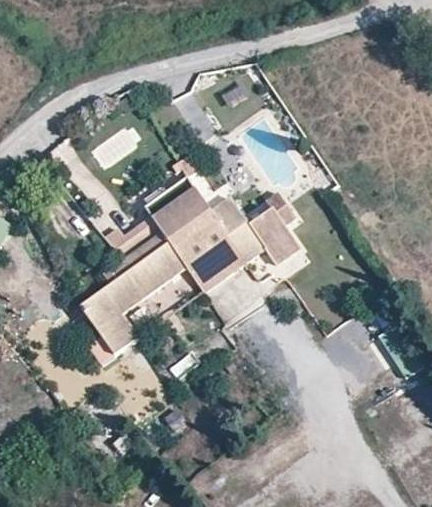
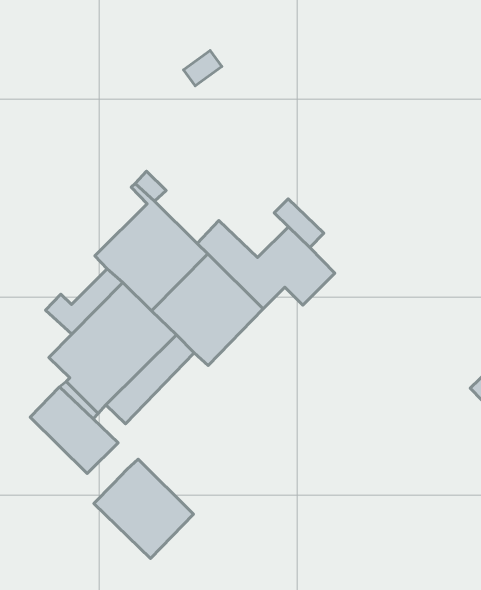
building: none -> [94,459,194,559]

